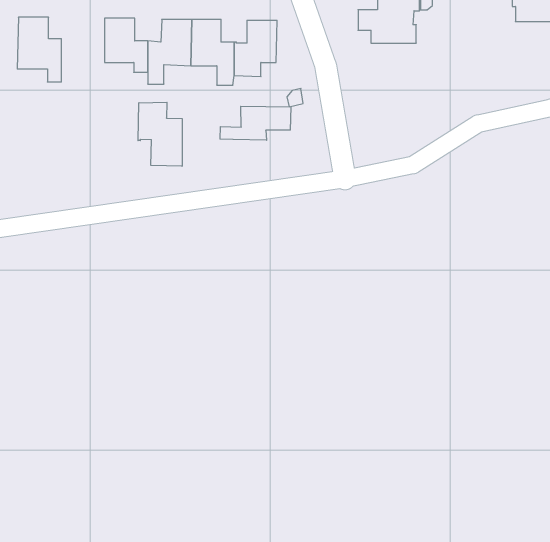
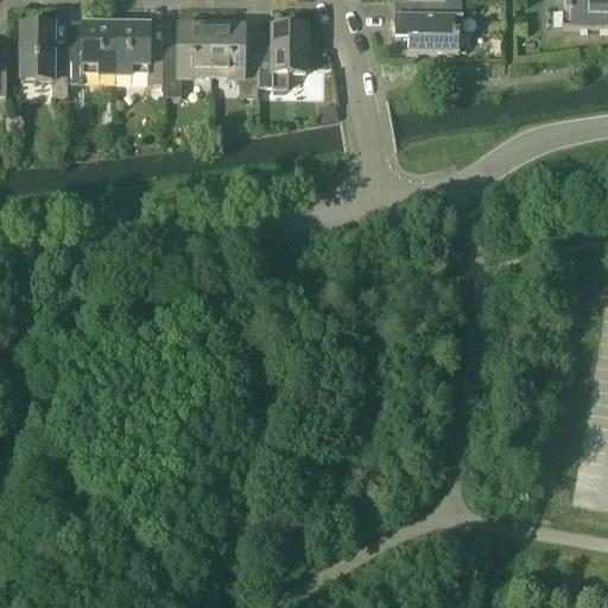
building: none -> [69,20,116,80]
building: [138,102,182,166] -> none
building: [220,106,291,140] -> none

